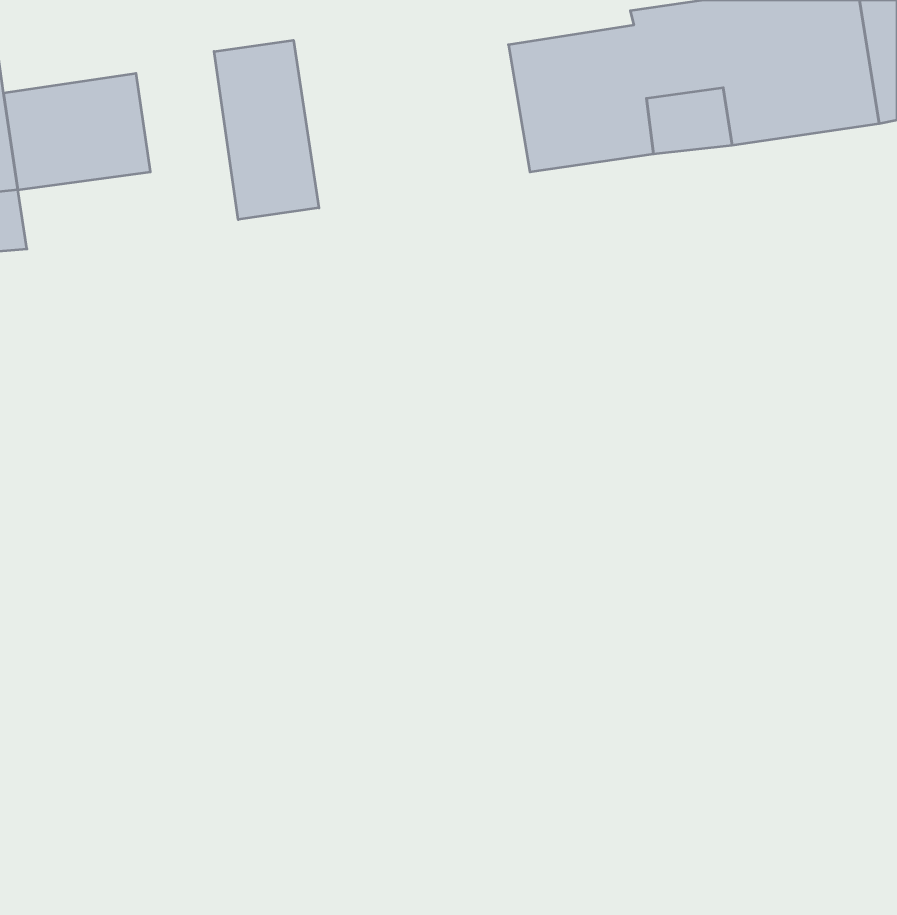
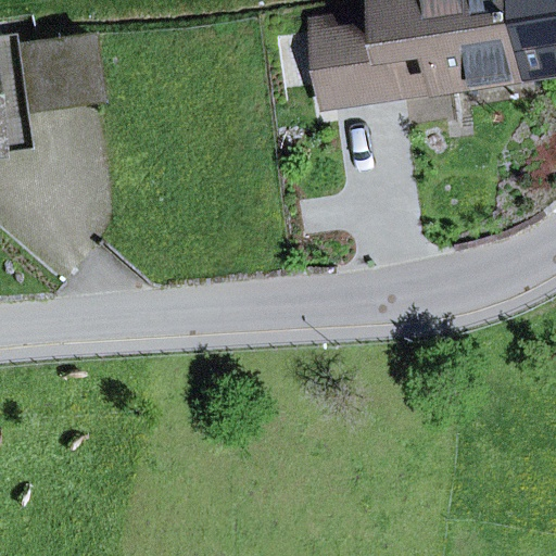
building: [214,40,319,220] -> none

